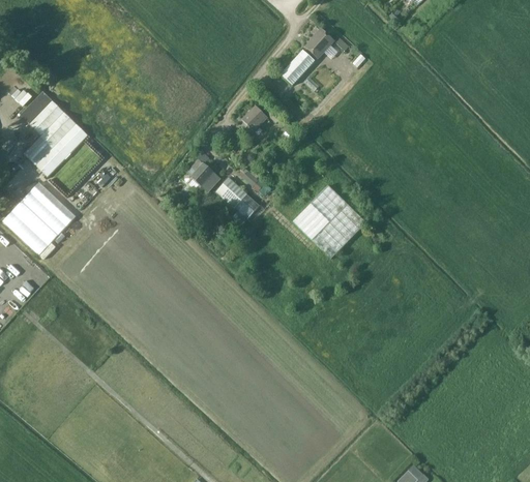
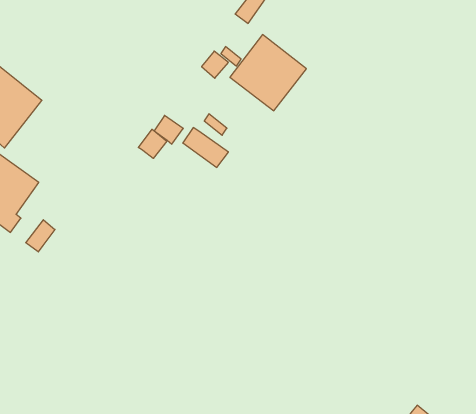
building: none -> [138,129,167,158]
building: [292,184,365,258] -> [230,35,306,111]
building: none -> [26,220,55,252]

